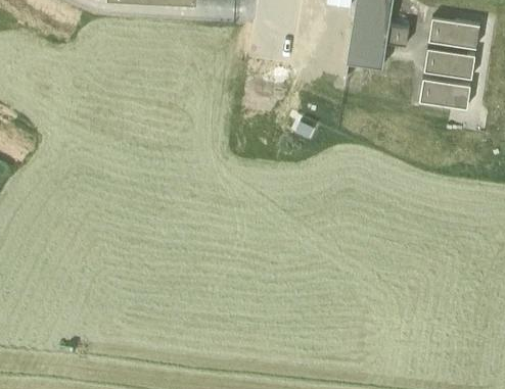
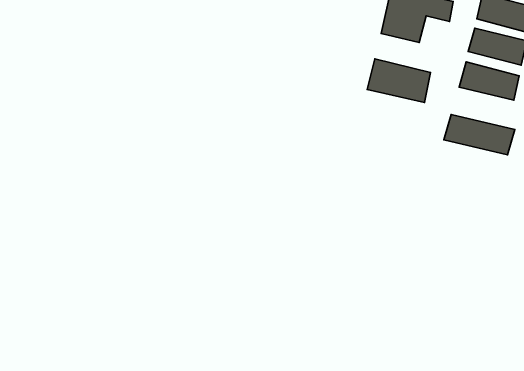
building: none -> [367,59,431,102]
building: none -> [444,114,515,155]

